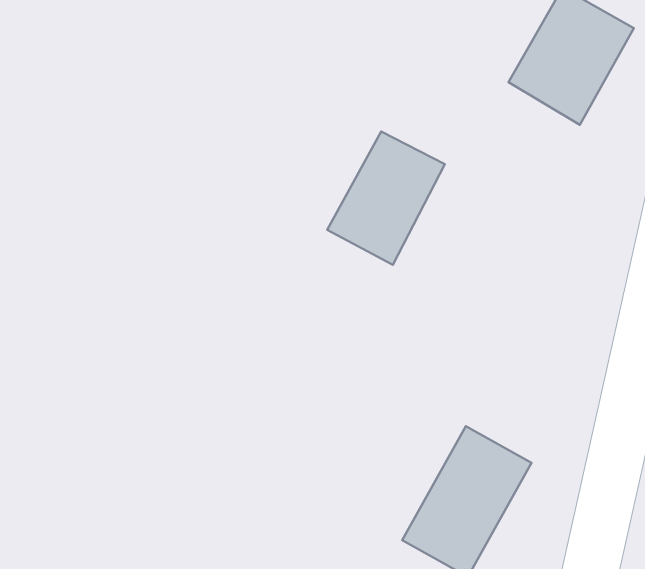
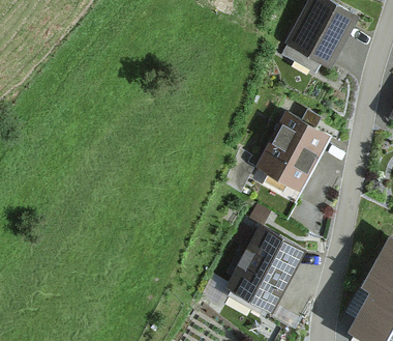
building: [327,131,445,265] -> [256,122,320,194]

